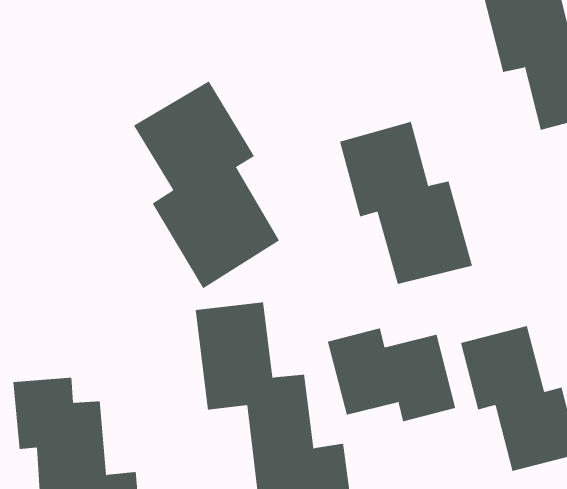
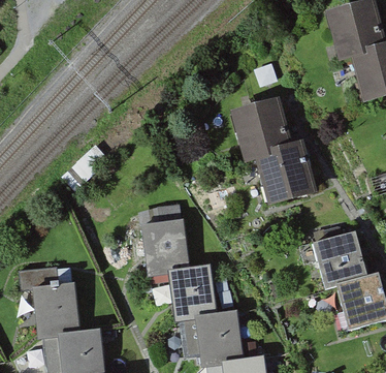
building: [133,81,280,289] -> none
building: [327,328,456,422] -> none

